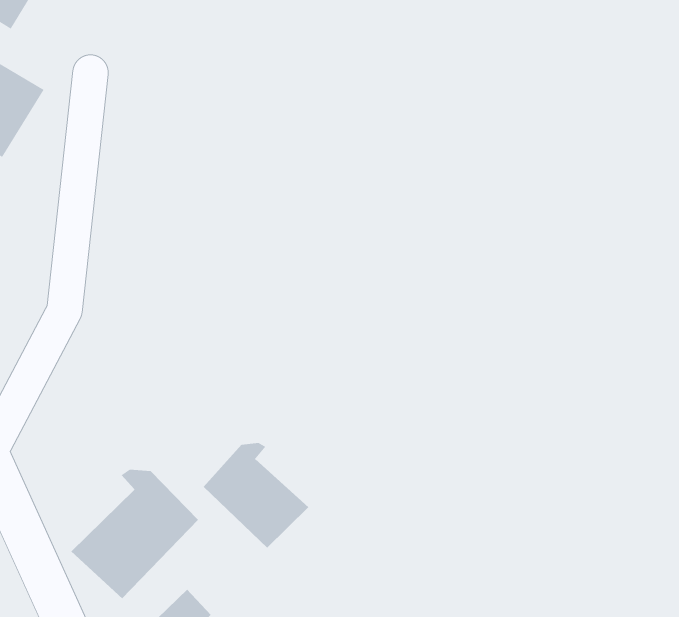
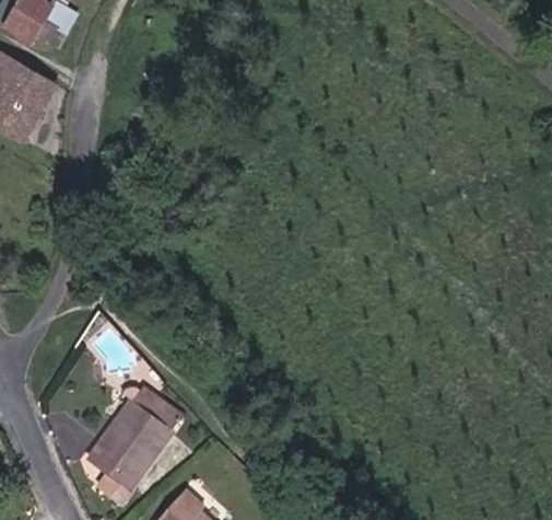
building: [203,442,309,549] -> none

